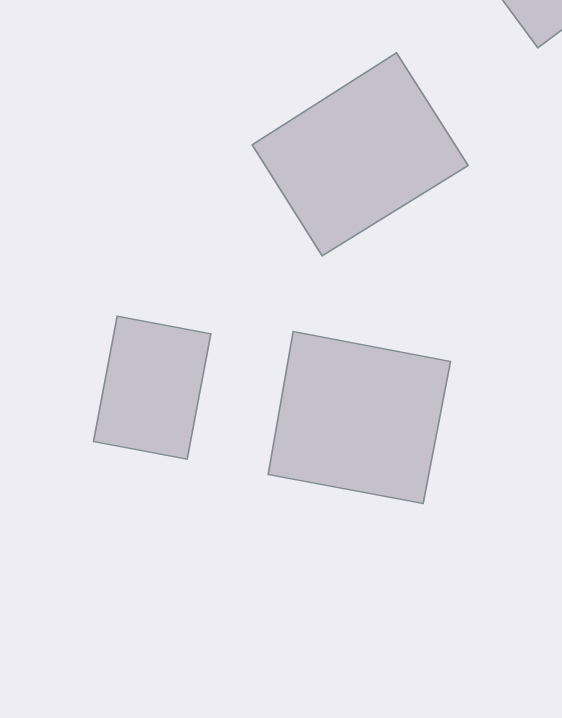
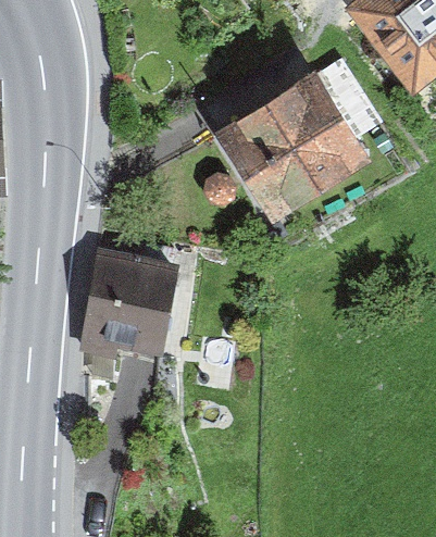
building: [268,332,451,504] -> none

